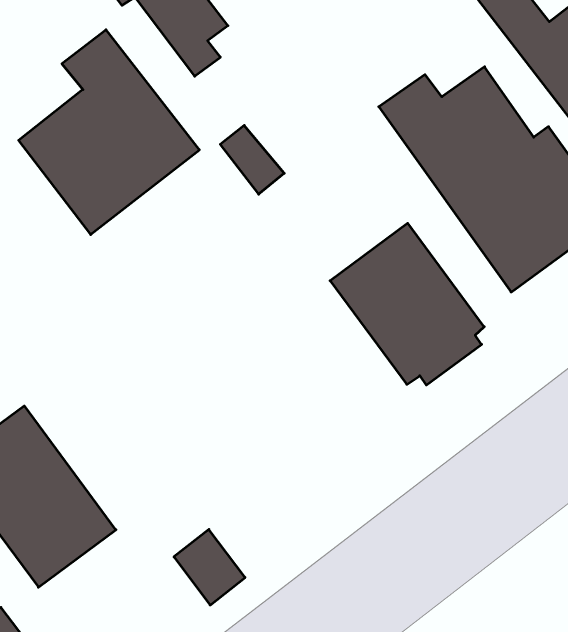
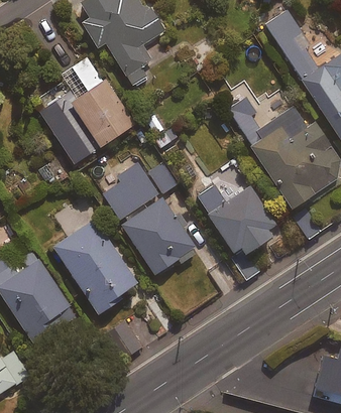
building: none -> [99,160,198,275]
building: none -> [53,220,136,314]

